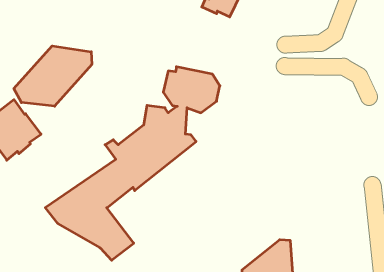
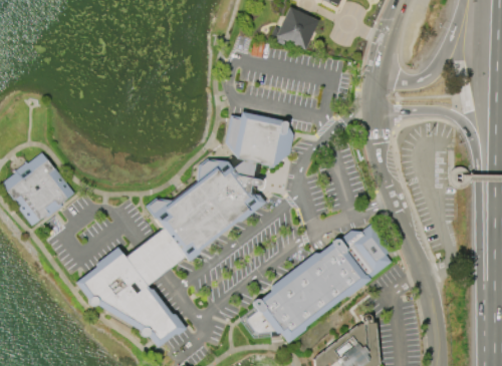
building: [14,46,92,106] -> none
building: none -> [238,227,396,342]

